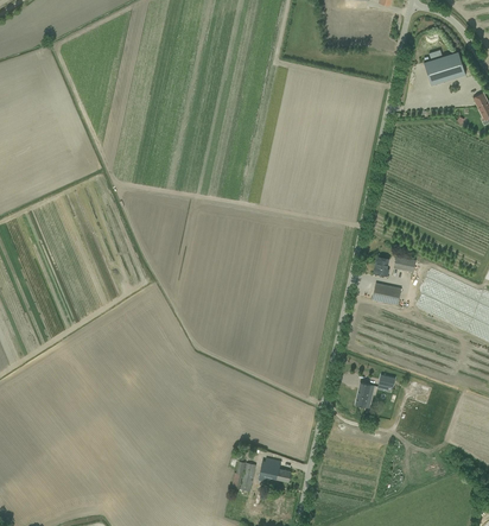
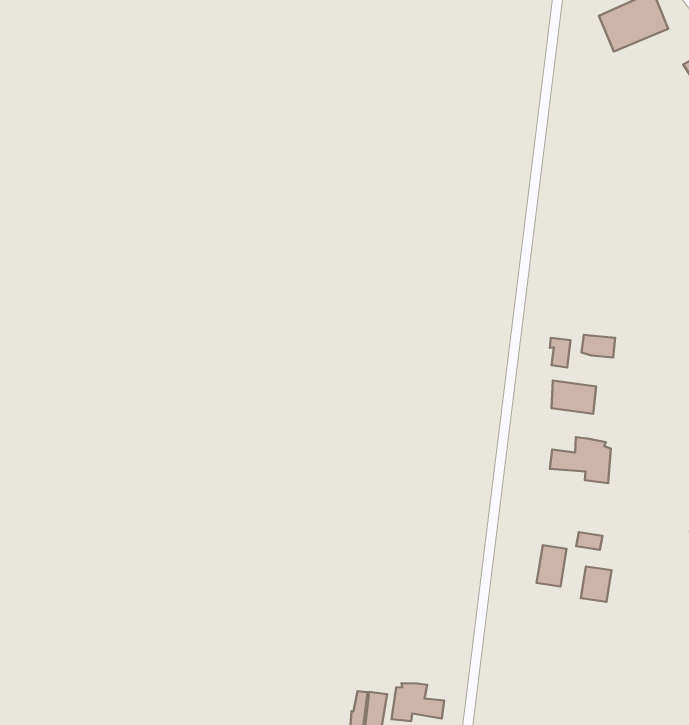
building: none -> [550,437,611,483]

